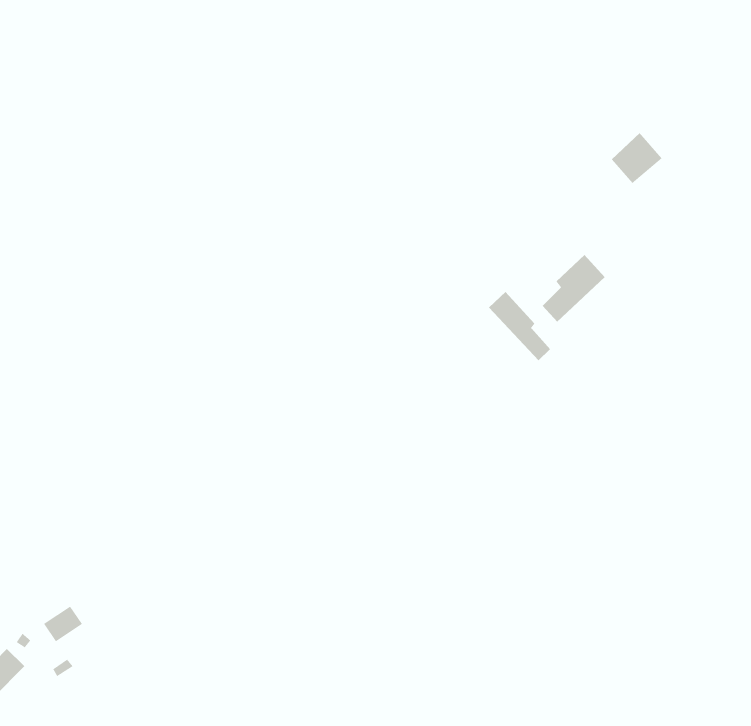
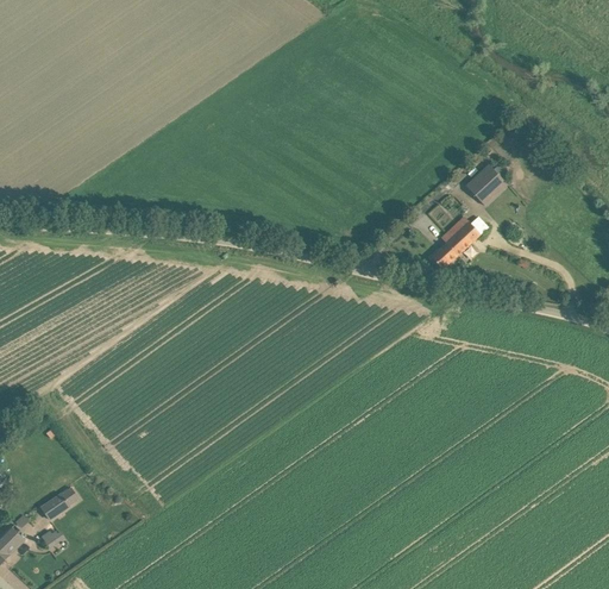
building: [611,132,662,184] -> [465,163,506,203]
building: [488,291,551,361] -> none

